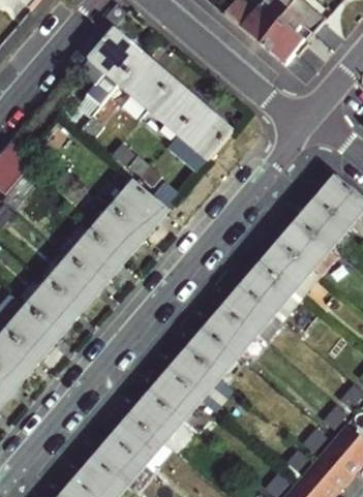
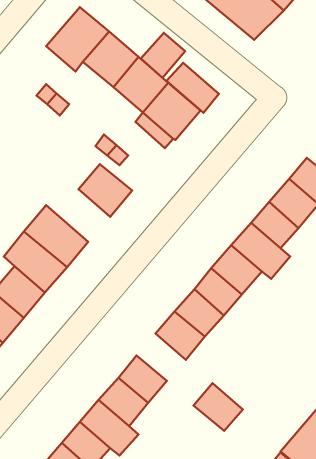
building: none -> [141,33,185,78]
building: none -> [166,63,219,113]
building: [81,197,144,258] -> none
building: [170,348,218,395] -> [194,383,243,431]

